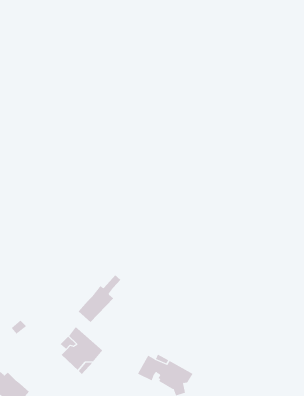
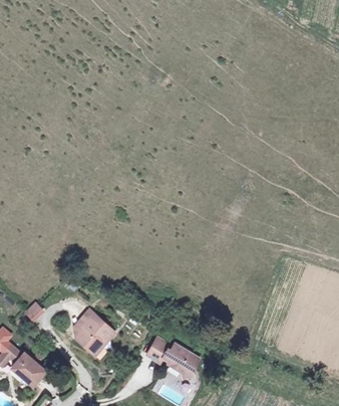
building: [78,275,121,323] -> none

